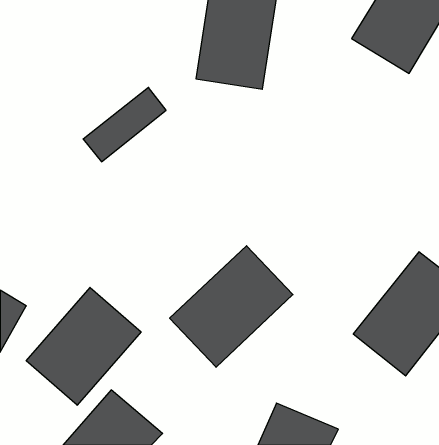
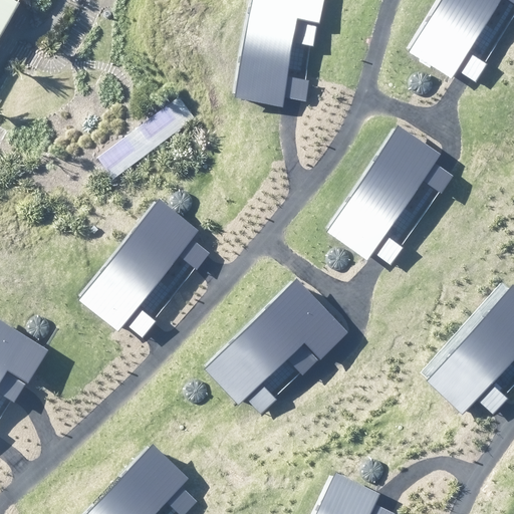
building: none -> [328,126,459,270]
building: none -> [76,200,214,341]
building: [26,287,141,405] -> none

